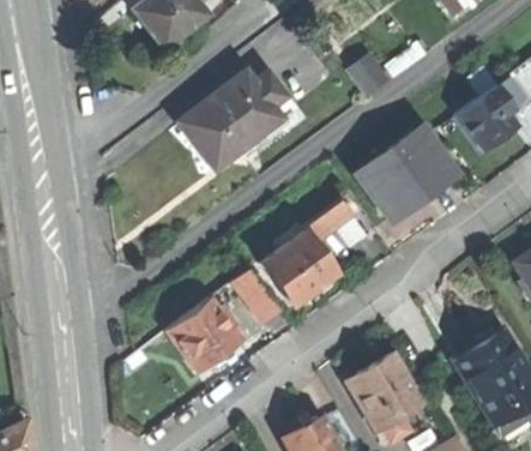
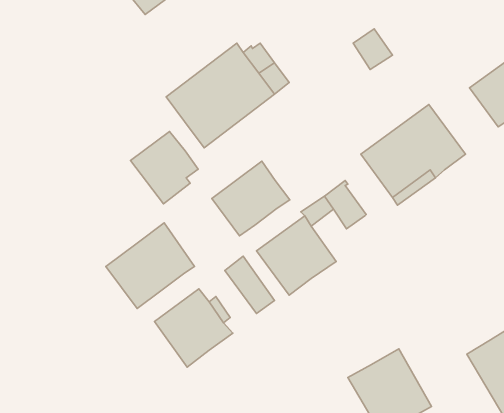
building: none -> [131,131,198,204]
building: none -> [212,161,290,236]
building: none -> [106,223,195,309]

